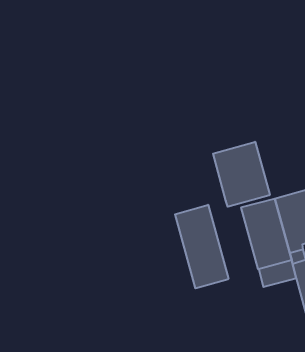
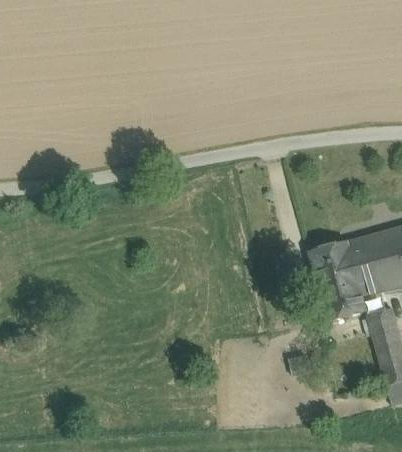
building: [213,142,270,207] -> none
building: [175,205,228,288] -> none

